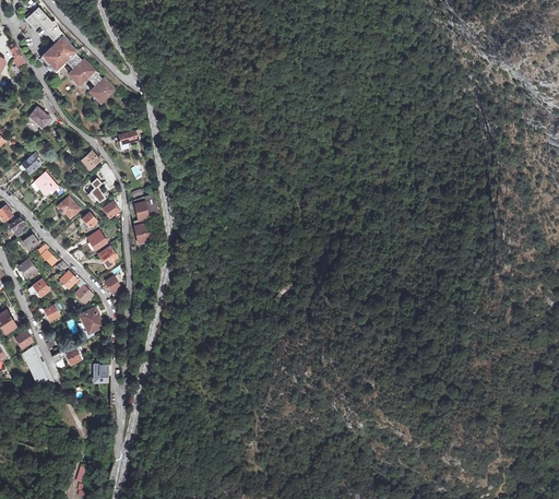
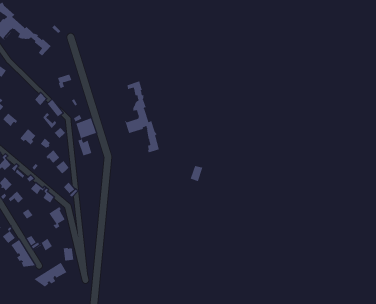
building: none -> [125,81,160,153]
building: none -> [33,262,67,288]

